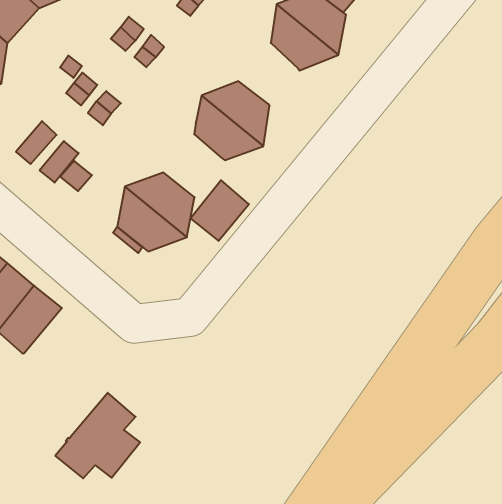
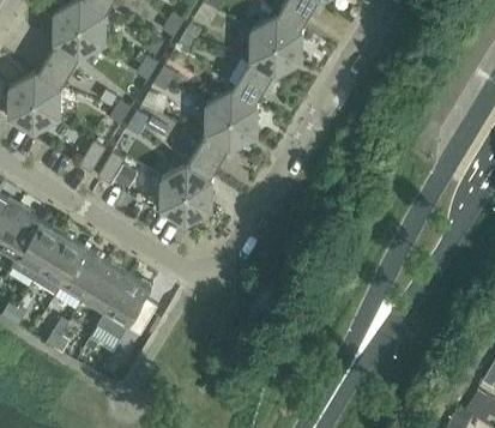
building: none -> [231,59,273,103]
building: [190,180,249,241] -> [187,133,228,177]
building: [55,393,140,478] -> [97,273,157,338]

